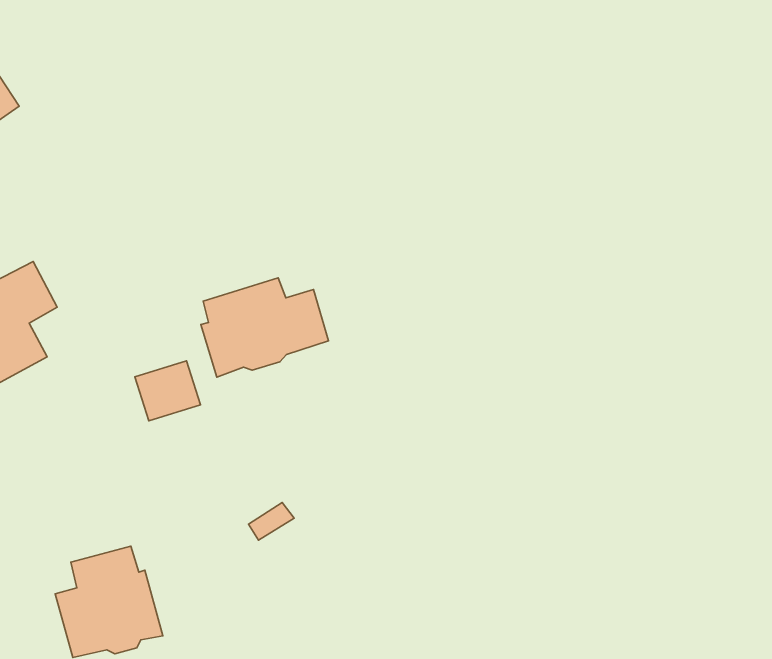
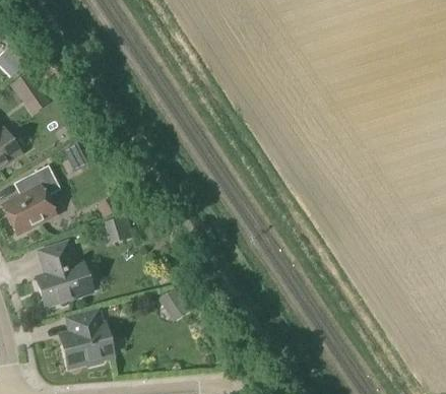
building: [201,278,329,377] -> none
building: none -> [36,241,86,306]

